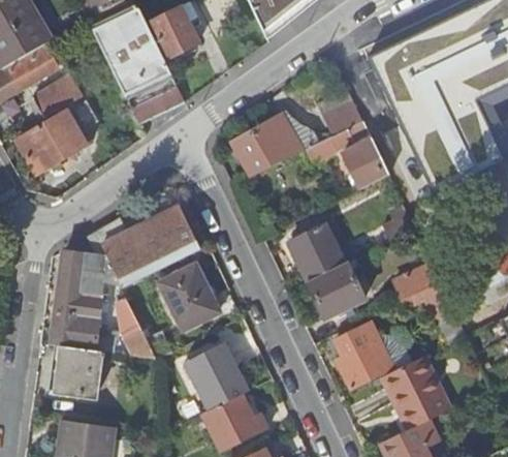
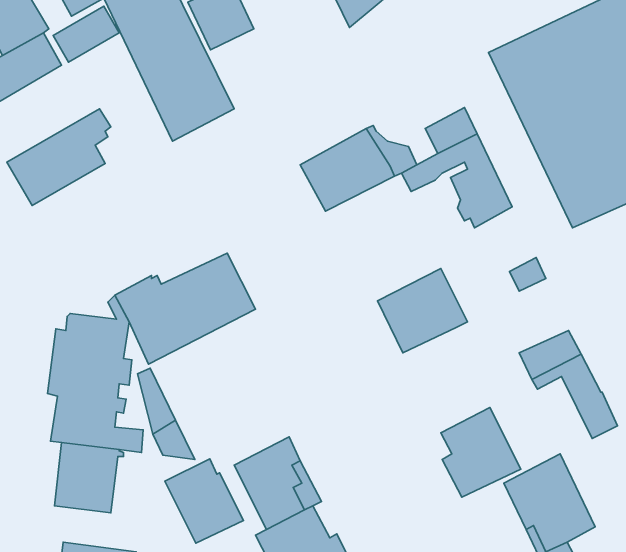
building: [32,77,81,118] -> [53,6,119,62]
building: [308,262,364,317] -> none
building: [160,267,218,329] -> [165,459,244,543]

